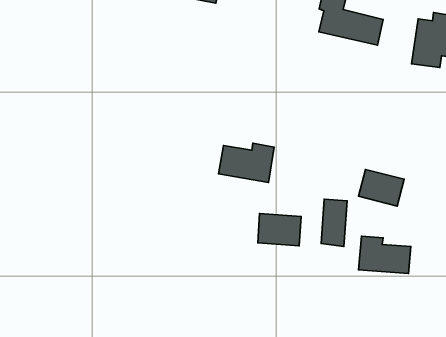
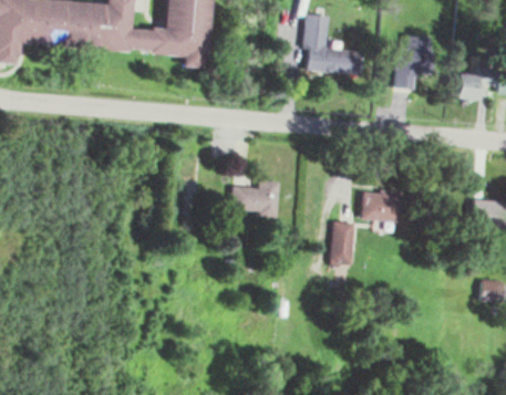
building: [258,213,301,246] -> none
building: [359,236,411,274] -> none

